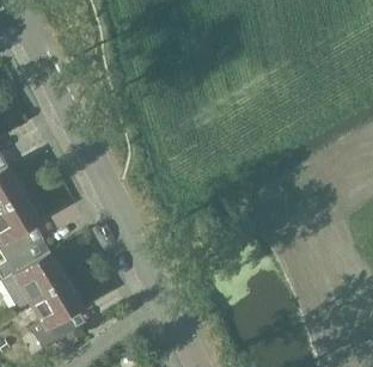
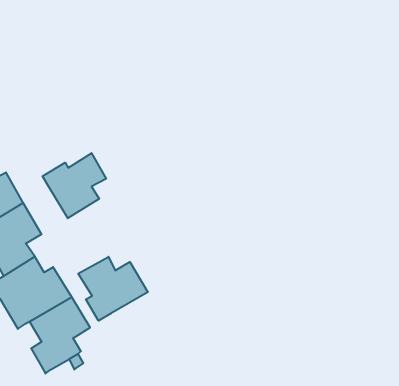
building: none -> [43,153,106,218]
building: none -> [78,257,148,321]

